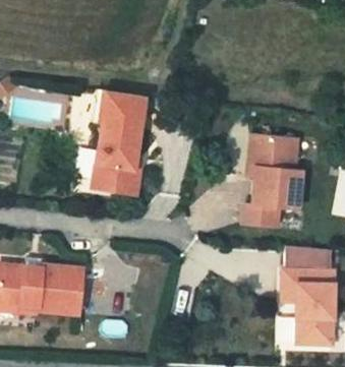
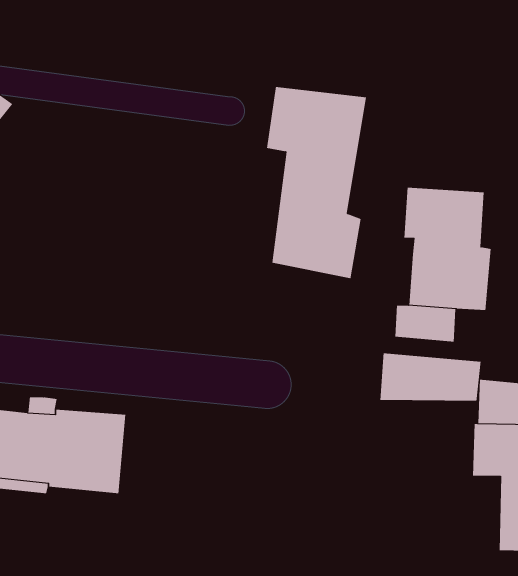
building: [78,89,136,200] -> [266,87,367,279]
building: none -> [380,352,481,402]

